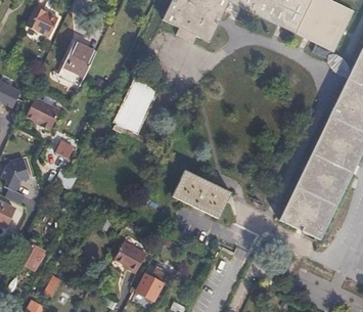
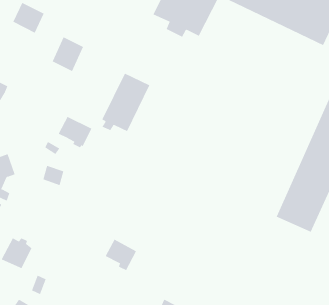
building: [27,98,60,130] -> [58,116,92,148]
building: [170,169,229,218] -> none
building: [137,267,169,300] -> none

